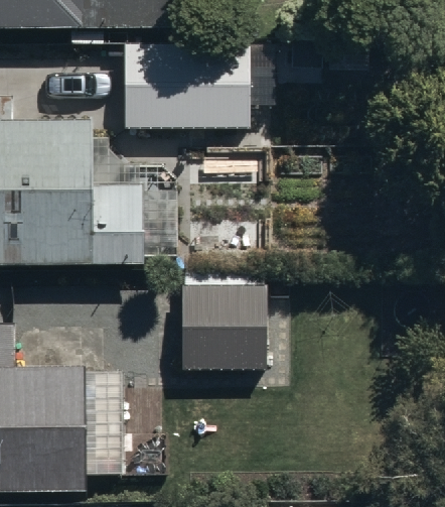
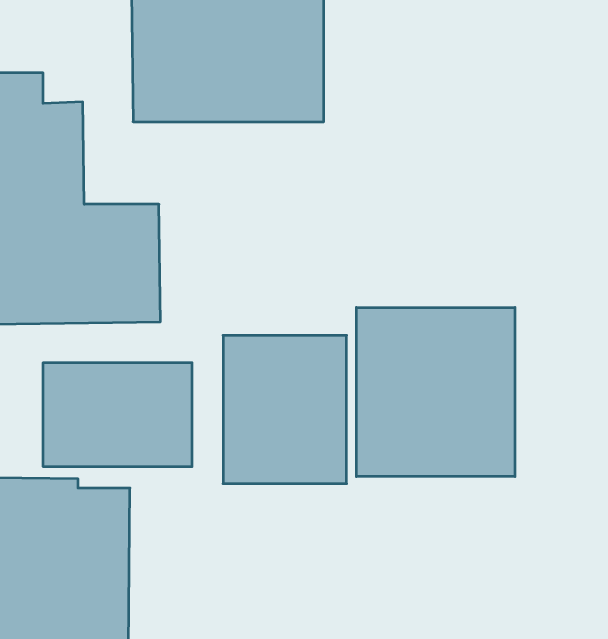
building: none -> [356,307,515,477]
building: none -> [43,363,192,467]

